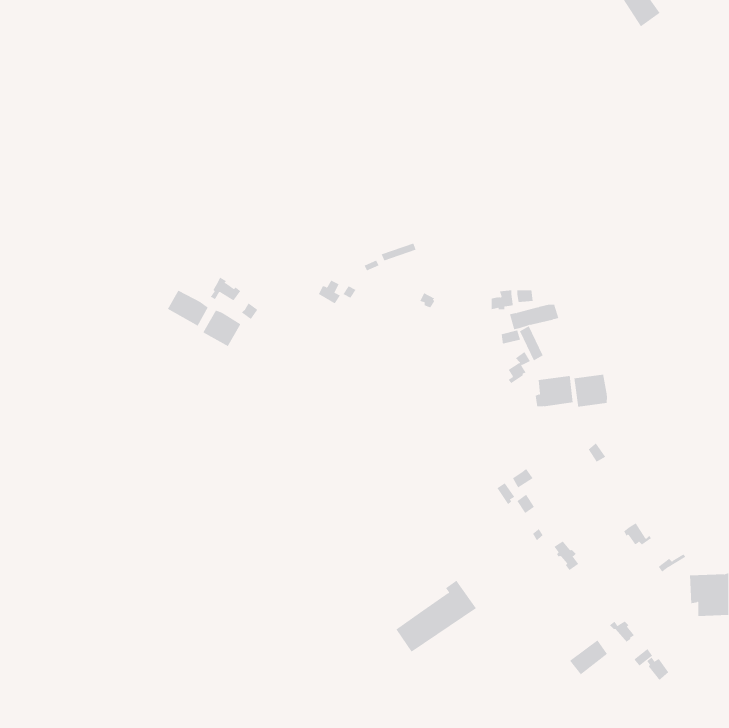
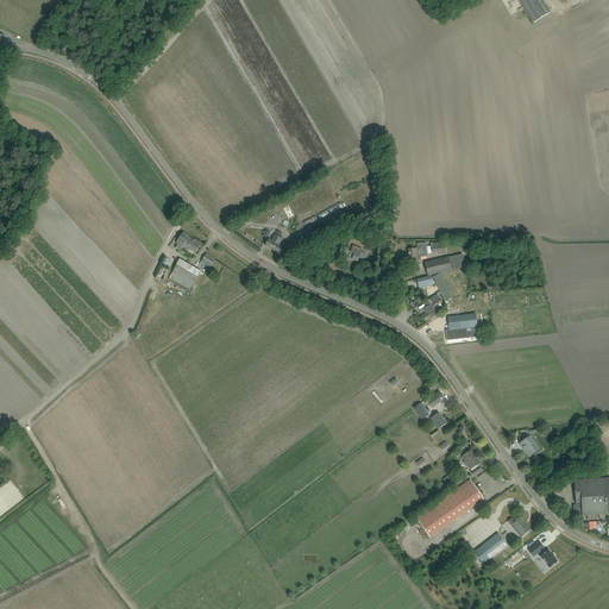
building: [167,290,209,326] -> none
building: [574,374,607,407] -> none
building: [395,580,477,652] -> [416,475,484,535]

